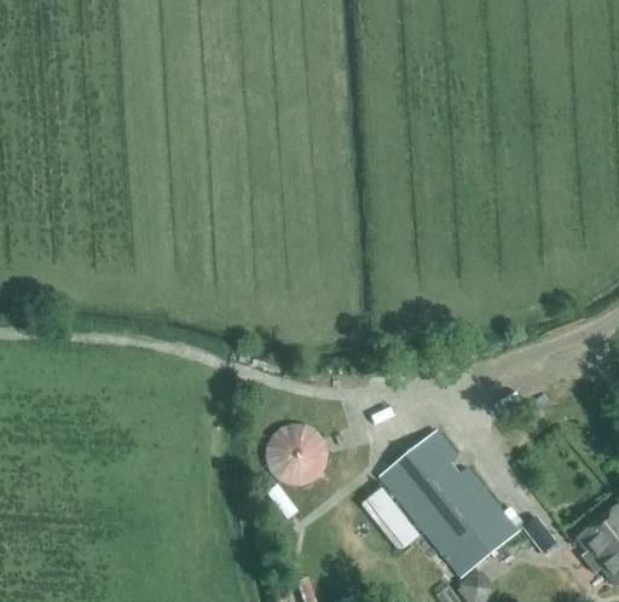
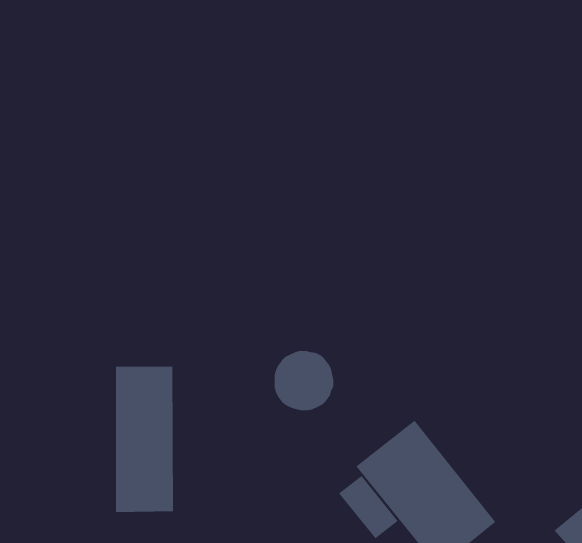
building: none -> [116,366,173,513]
building: [264,423,323,482] -> [274,350,334,411]

